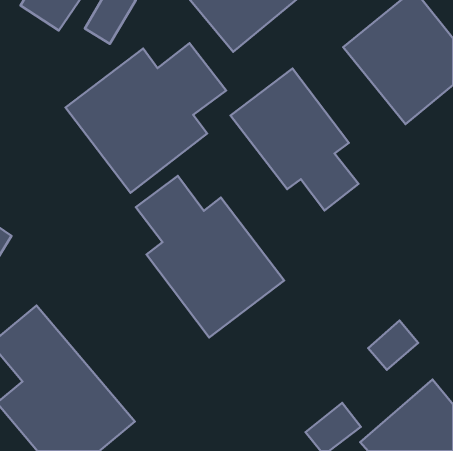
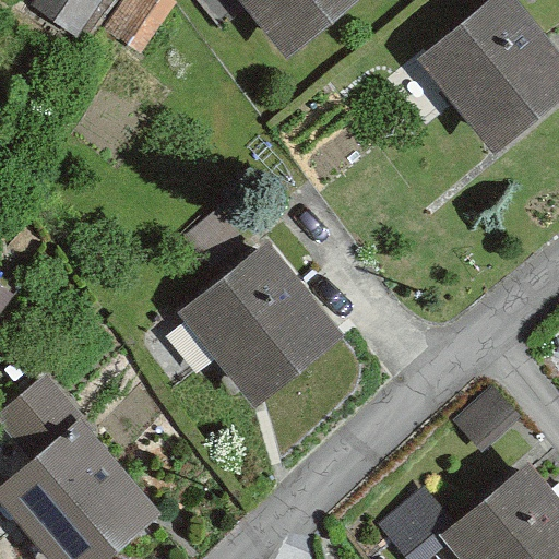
building: [65,43,226,193] -> none
building: [231,68,358,210] -> none

